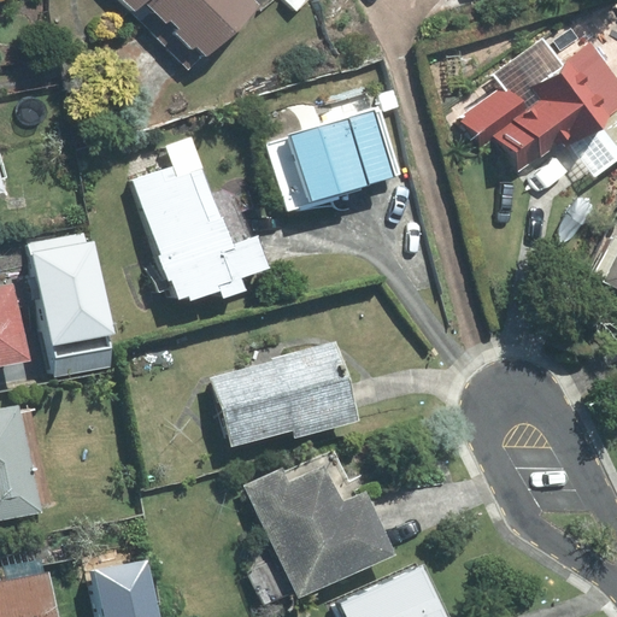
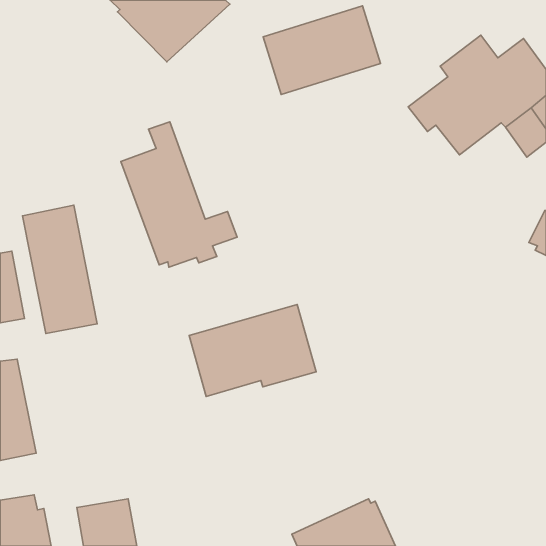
building: [268,108,400,208] -> [263,6,381,95]
building: [243,449,395,610] -> none

